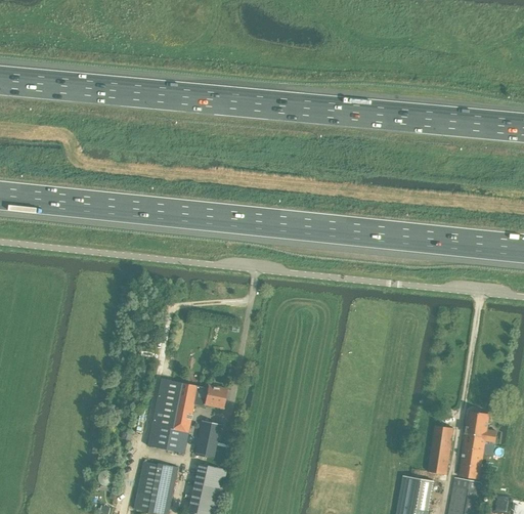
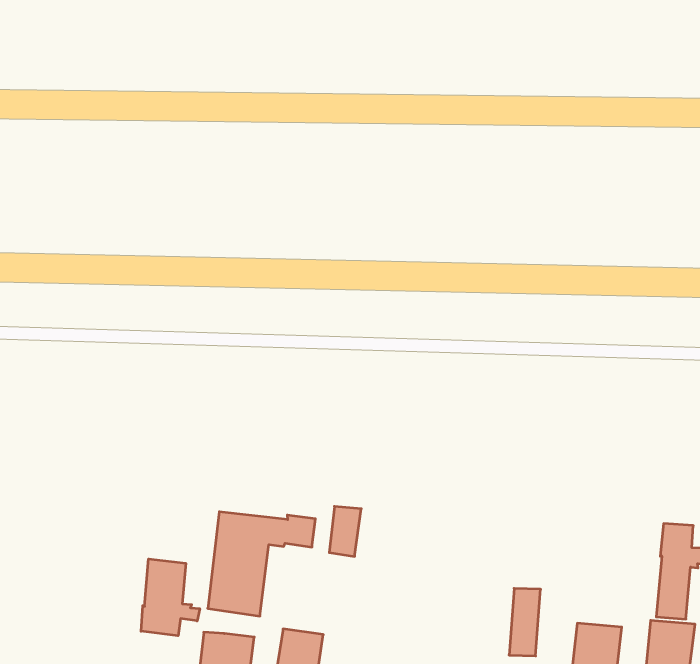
building: none -> [141,559,200,636]
building: [195,421,220,457] -> [329,506,361,556]
building: [428,426,453,474] -> [509,588,541,656]

